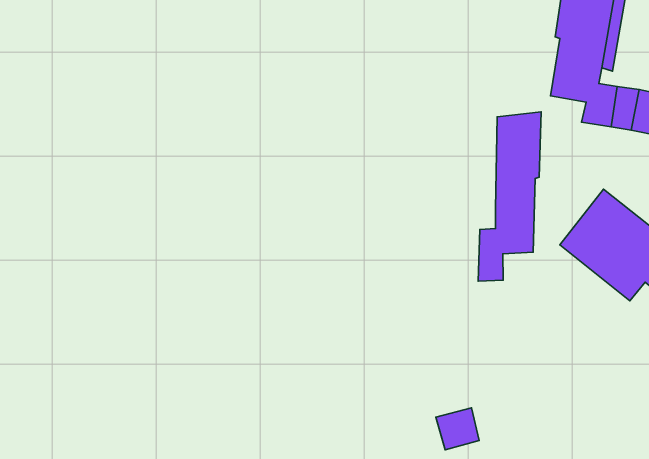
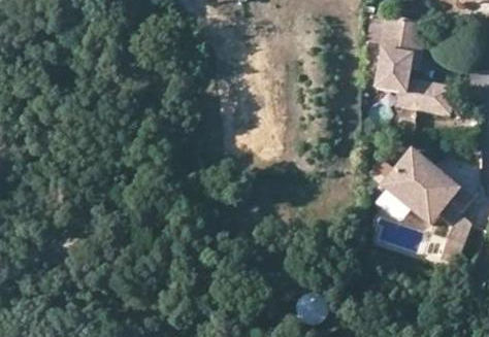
building: [478,112,541,281] -> none

